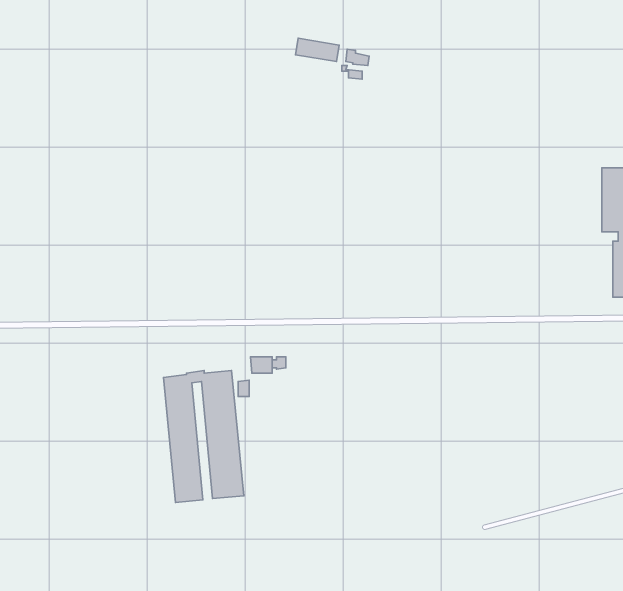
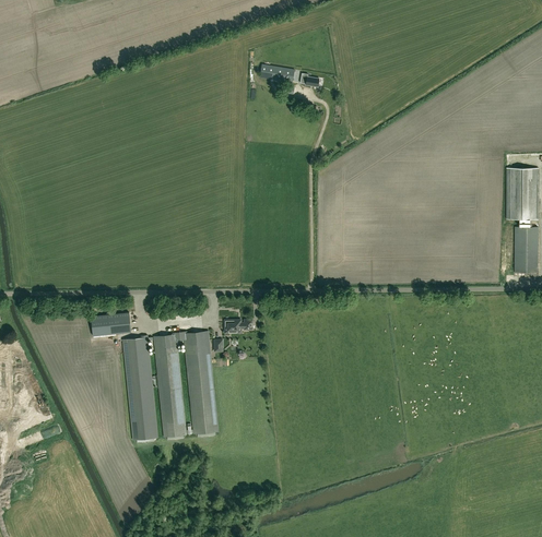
building: none -> [91,312,131,336]
building: none -> [122,335,157,440]

